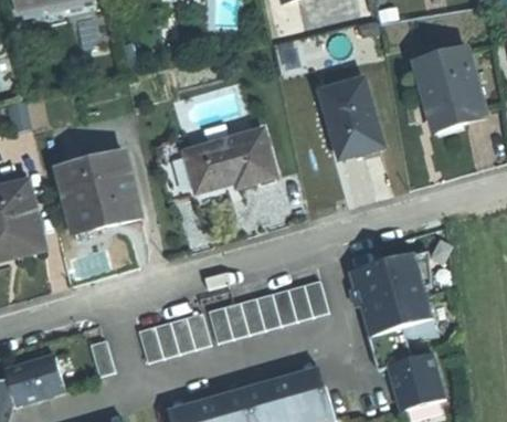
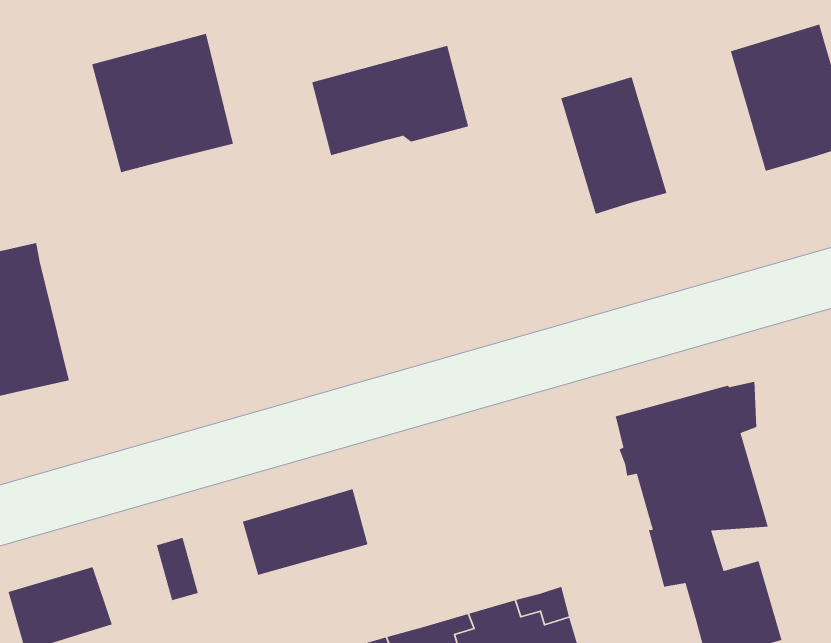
building: [184,133,274,196] -> [311,45,469,156]
building: [56,155,137,234] -> [91,33,234,173]
building: [209,279,329,342] -> none

